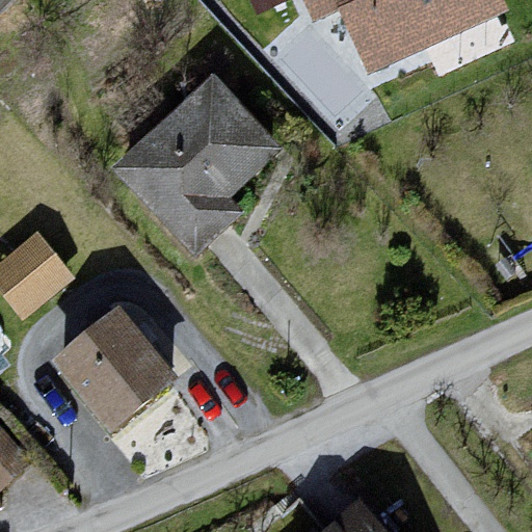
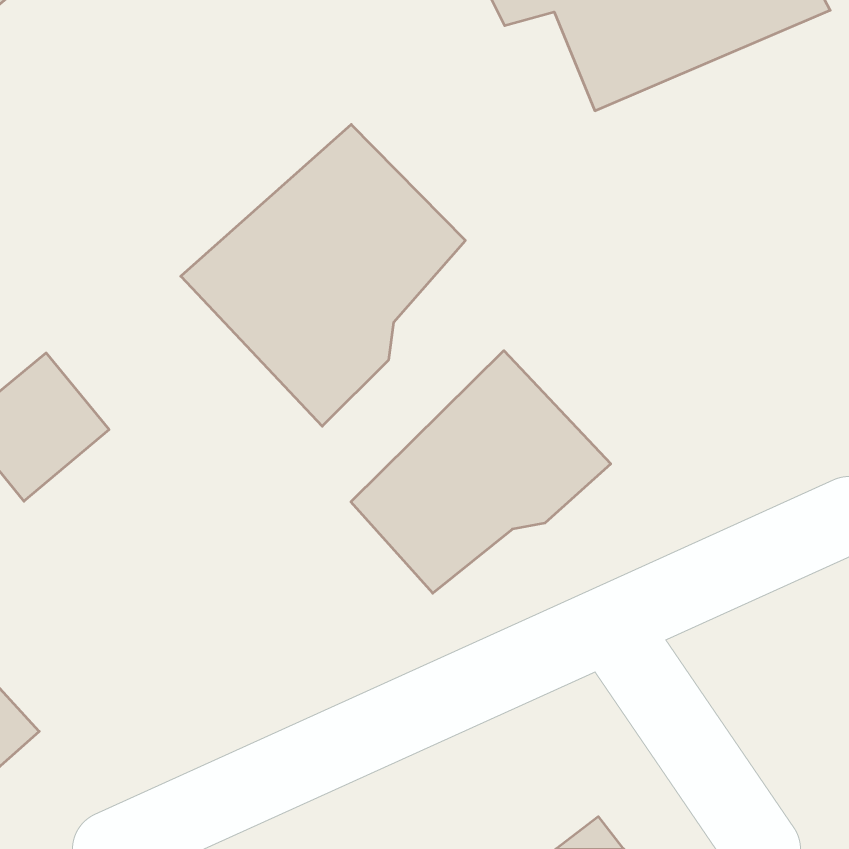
building: none -> [351,351,611,593]
building: [49,304,176,435] -> none

